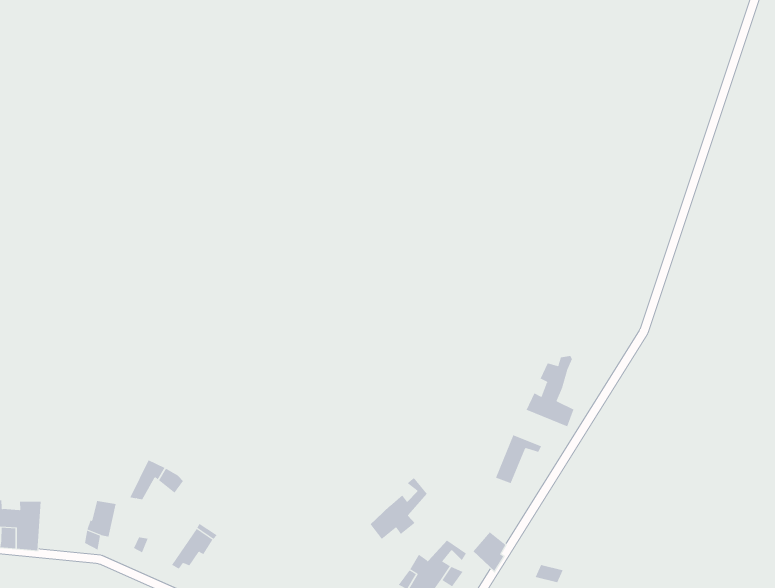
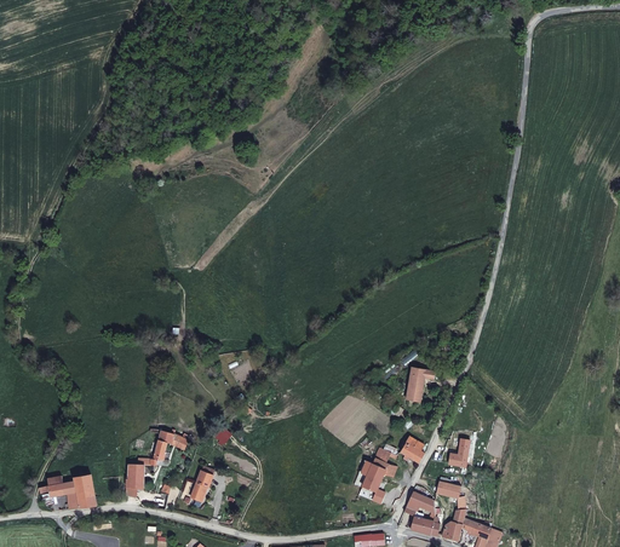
building: [526,355,574,427] -> none
building: [370,477,428,540] -> none

